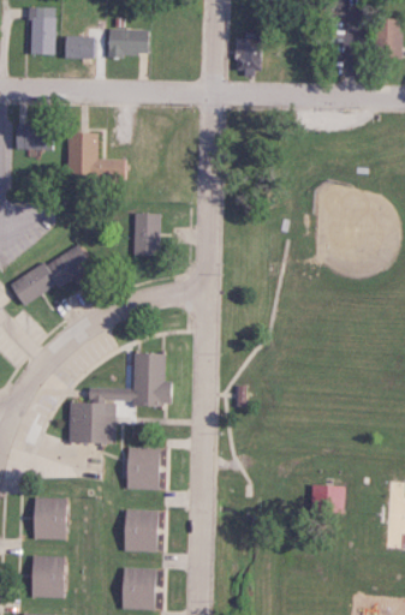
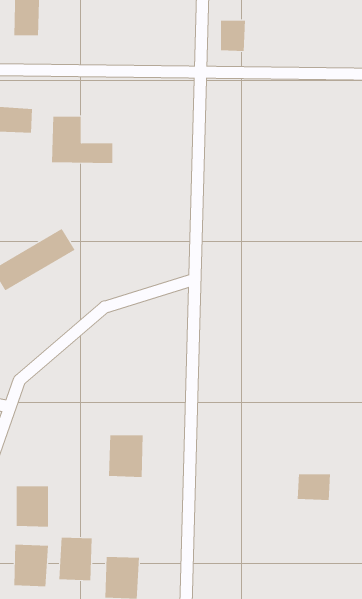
building: [109,29,149,56] -> none
building: [65,36,99,59] -> none
building: [135,214,161,256] -> none
building: [69,353,169,444] -> none
building: [123,509,156,553] -> [58,537,93,581]

